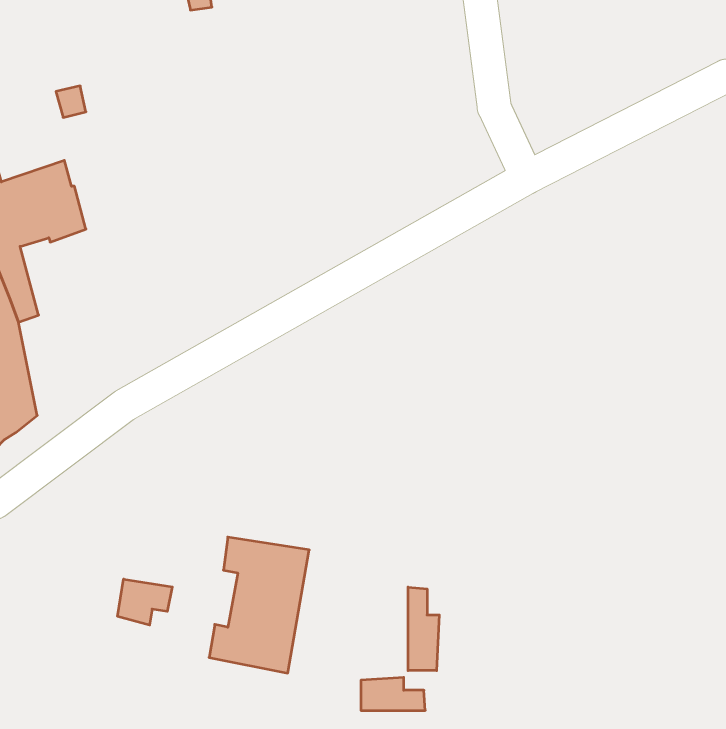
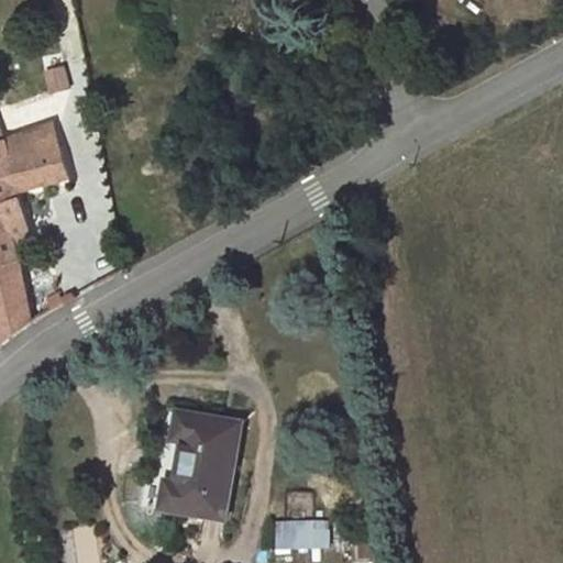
building: [118,579,172,625] -> none
building: [408,587,439,671] -> none

